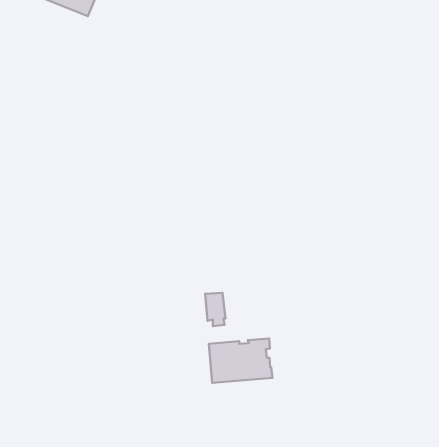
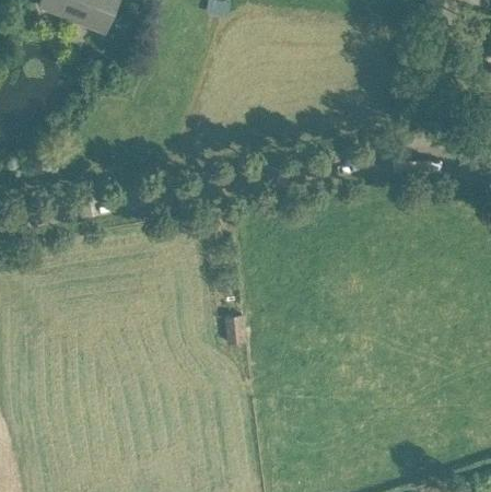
building: [209,338,272,383] -> none

